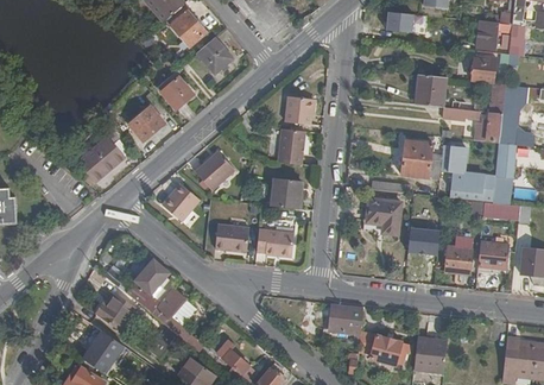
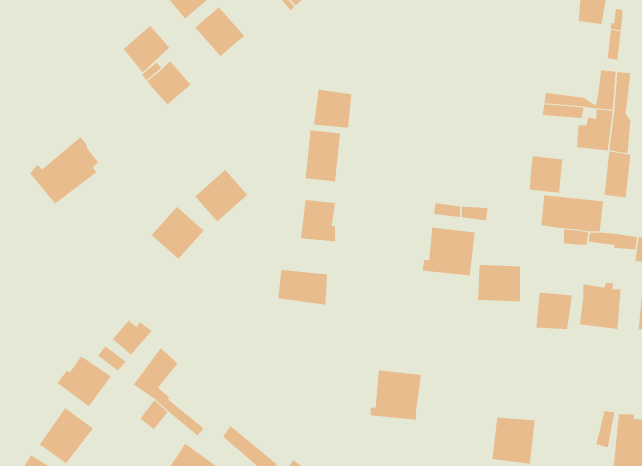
building: [472,56,495,83] -> none
building: [416,75,445,107] -> none
building: [129,106,164,141] -> [123,25,170,74]
building: [400,140,442,181] -> none
building: [217,223,251,251] -> none
building: [358,333,409,365] -> none

